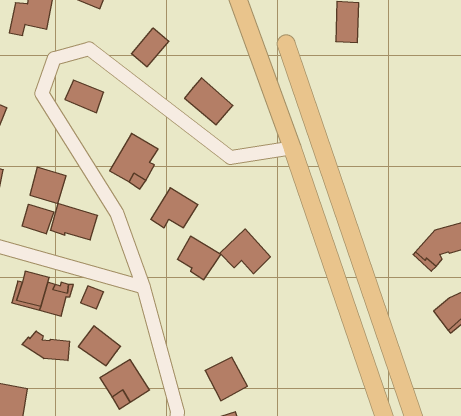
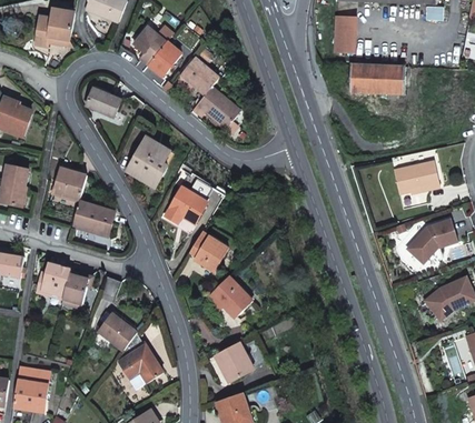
building: none -> [132,26,166,63]
building: none -> [180,57,219,94]
building: none -> [349,63,405,93]
building: none -> [394,160,439,193]
building: [22,204,54,234] -> none
building: [220,229,270,274] -> [206,275,253,316]
building: [22,331,70,361] -> none

